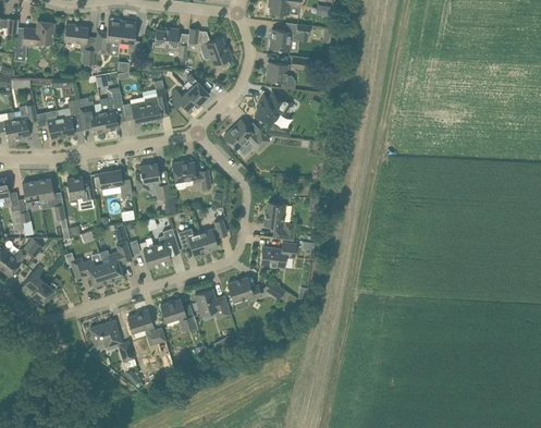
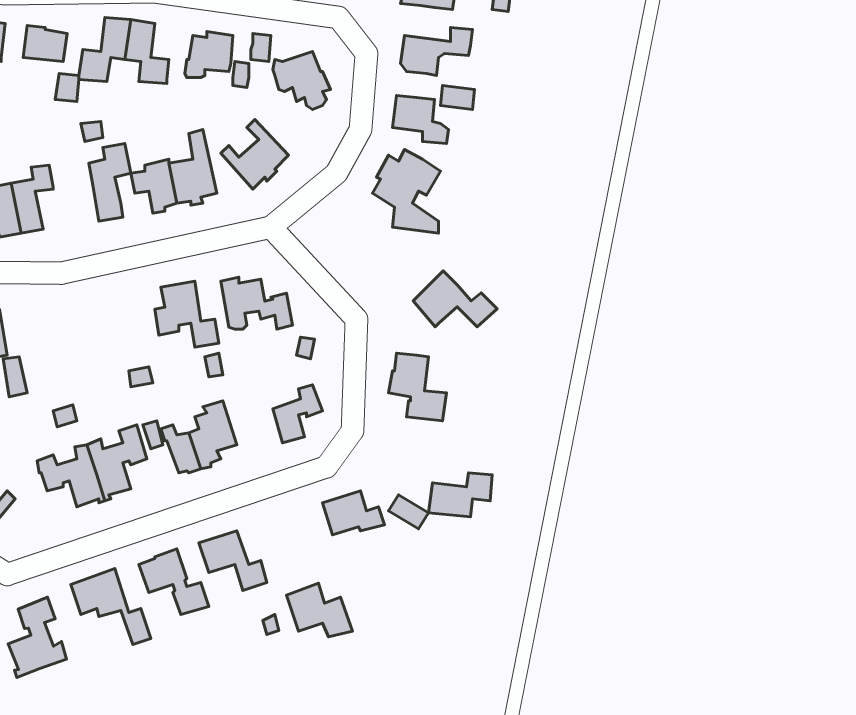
building: [78,97,106,133] -> none
building: [224,119,270,149] -> [413,271,497,327]
building: [99,169,133,197] -> none
building: [66,175,94,209] -> none
building: [177,227,206,255] -> none
building: [261,242,296,266] -> [428,473,492,517]
building: [195,288,231,317] -> [287,583,352,637]
building: none -> [8,597,67,677]

